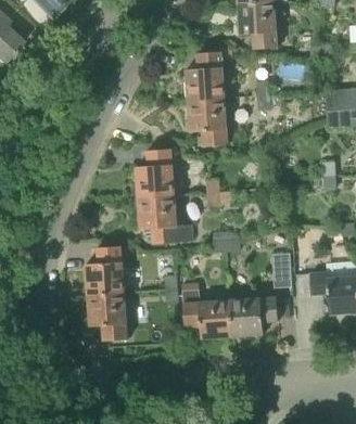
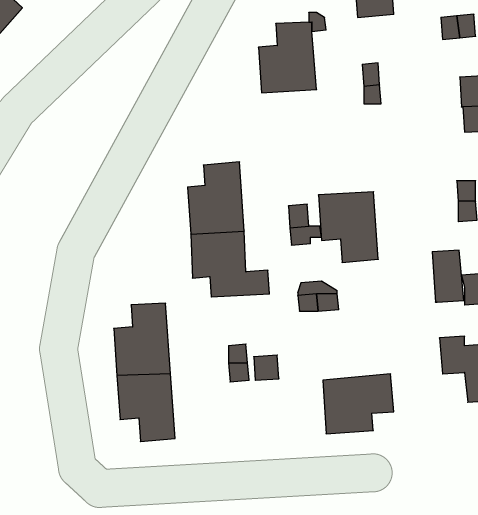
building: [188,99,229,147] -> [318,192,378,262]
building: [272,250,294,286] -> [432,250,464,302]
building: [183,299,232,338] -> none

